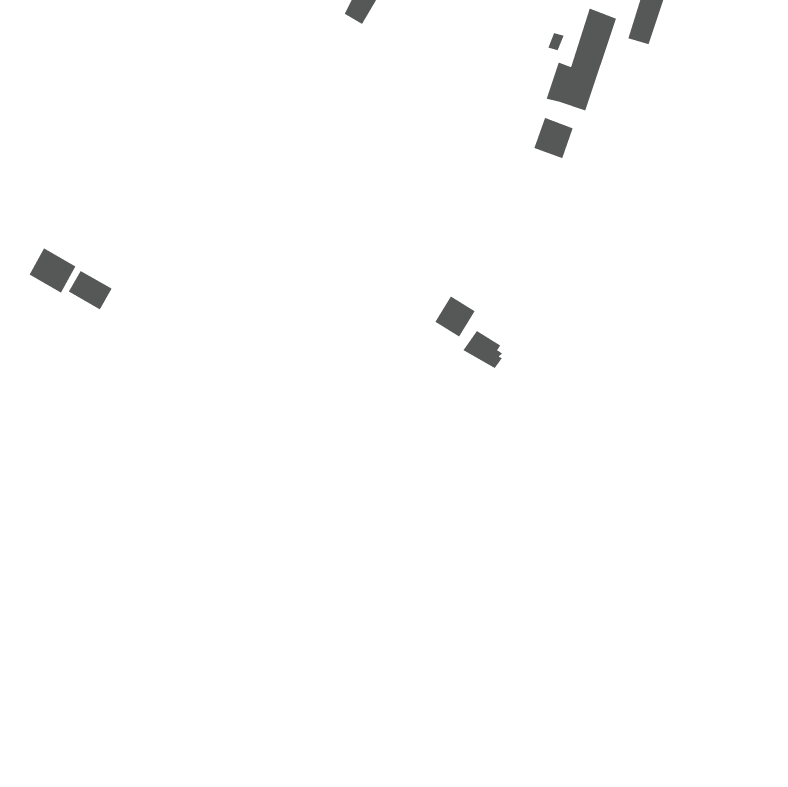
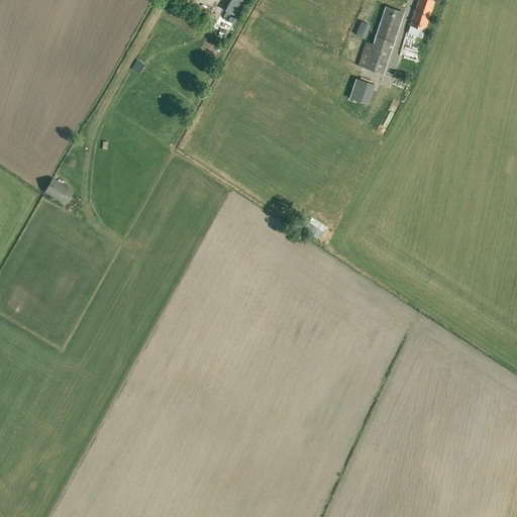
building: [29,248,76,293] -> none
building: [435,295,475,338] -> none

